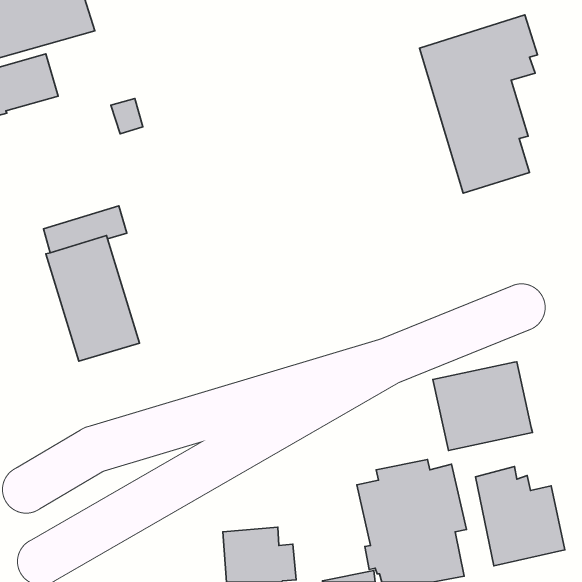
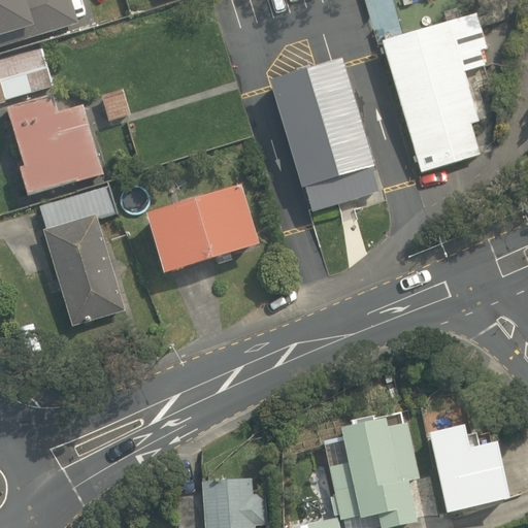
building: none -> [268,59,377,211]
building: none -> [8,97,103,193]
building: none -> [145,184,260,273]
building: [433,362,532,451] -> none

